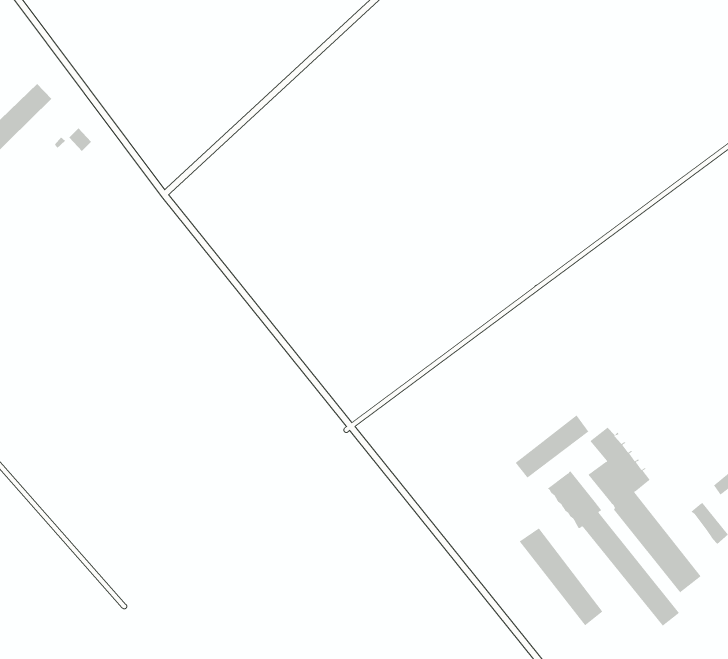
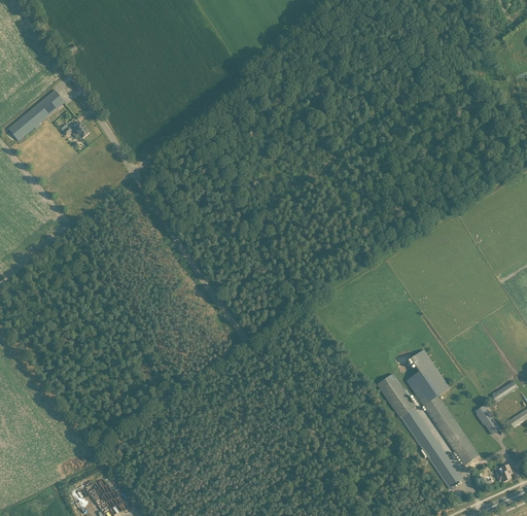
building: [515,414,589,479] -> none
building: [519,527,603,626] -> none

